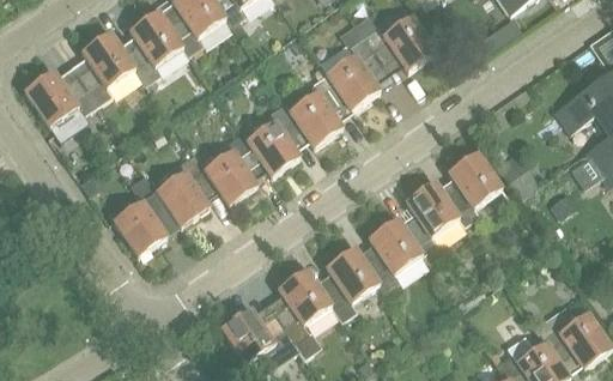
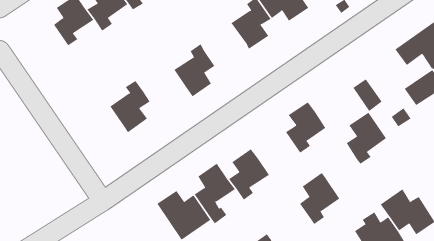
building: [289,64,347,146] -> none
building: [23,69,97,126] -> none
building: [204,131,261,205] -> none
building: [445,152,503,226] -> [346,112,387,165]
building: [91,181,177,255] -> none
building: [365,218,423,292] -> [299,172,340,225]

